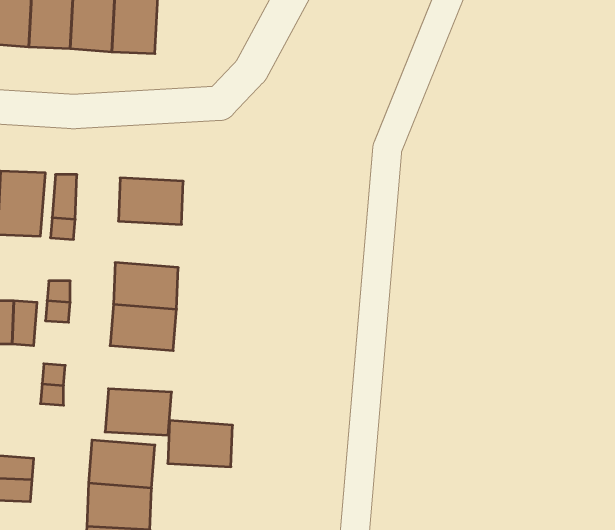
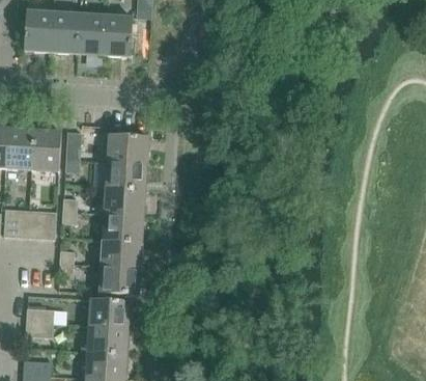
building: none -> [105,161,146,190]
building: [168,420,233,467] -> [101,239,141,268]

